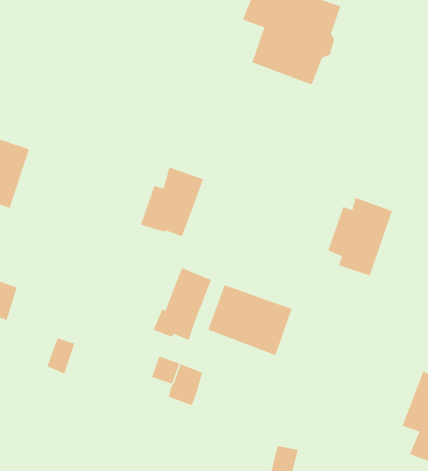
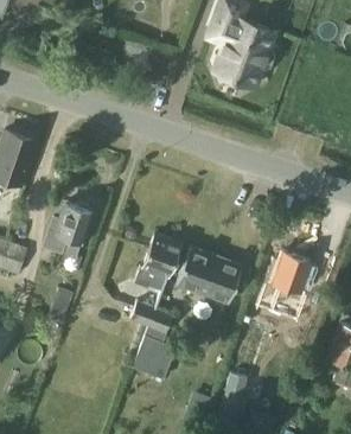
building: [140,167,204,237] -> [43,203,92,257]
building: [328,197,393,276] -> [261,253,312,314]
building: none -> [132,336,177,381]

